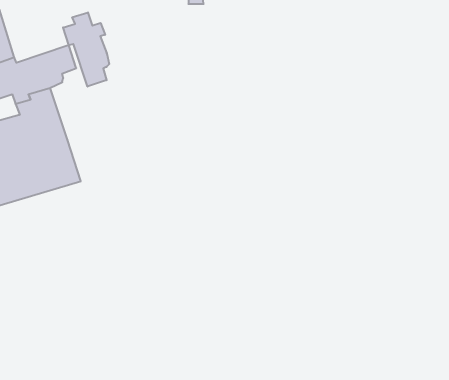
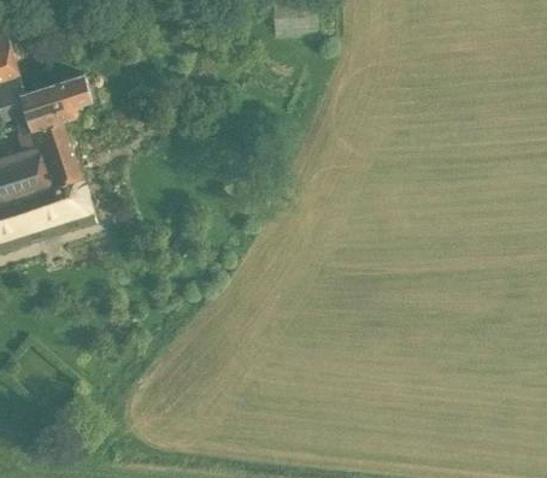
building: [63,12,109,87] -> none

